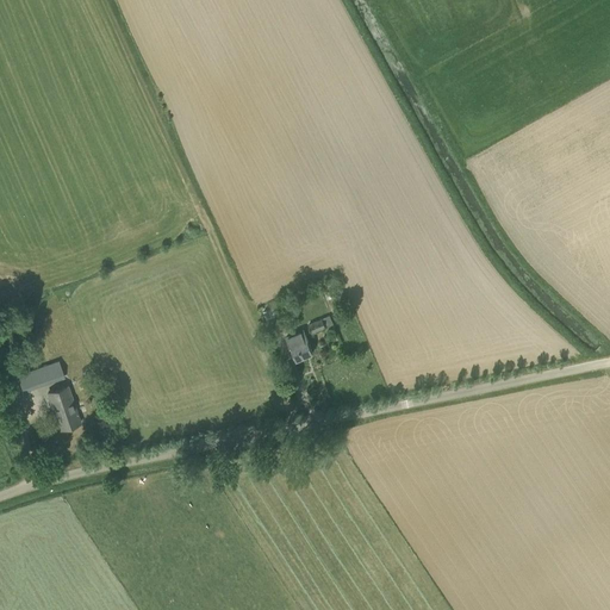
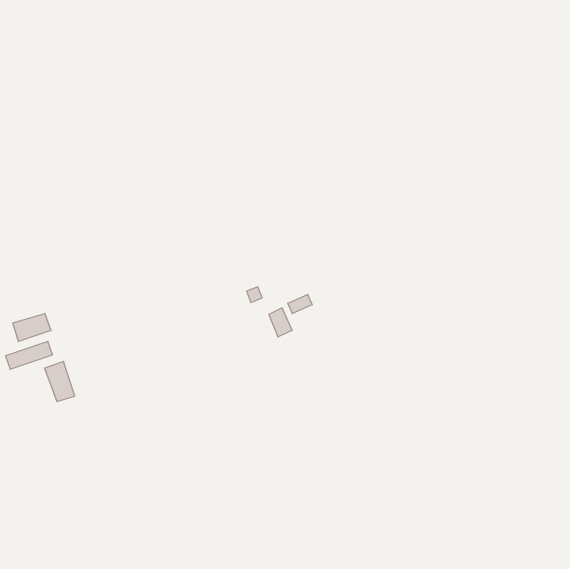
building: none -> [13,313,51,342]

